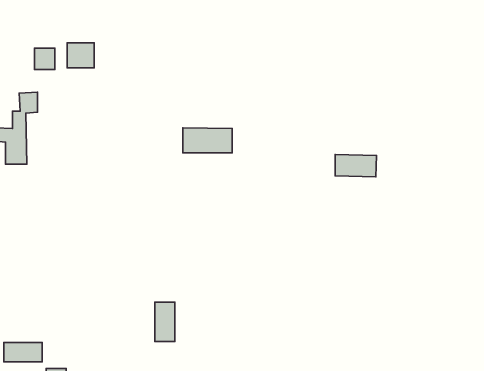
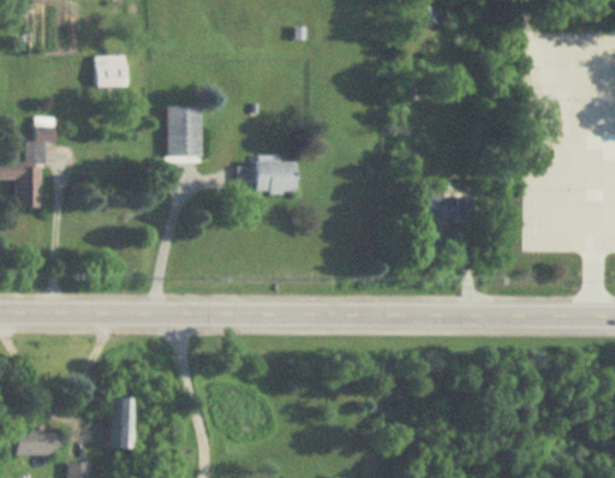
building: [35,48,55,70] -> none
building: none -> [168,106,203,157]
building: [155,302,175,342] -> [111,399,136,448]

